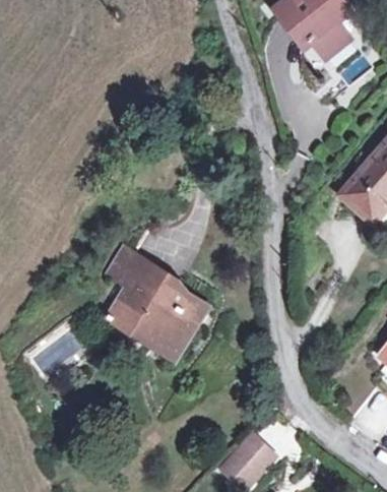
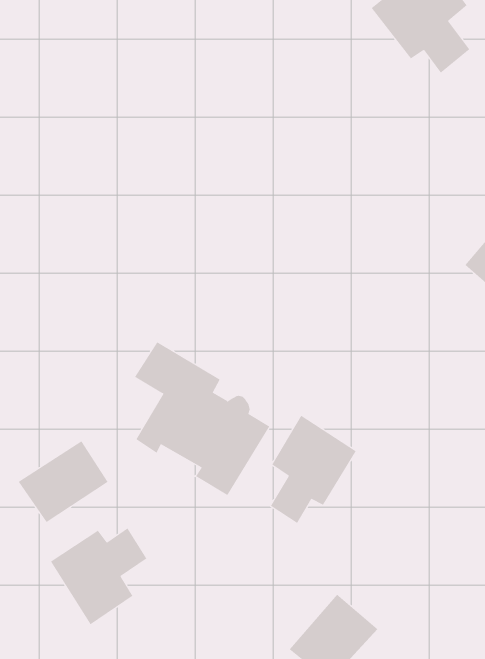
building: none -> [270,415,357,524]
building: none -> [50,528,147,625]

